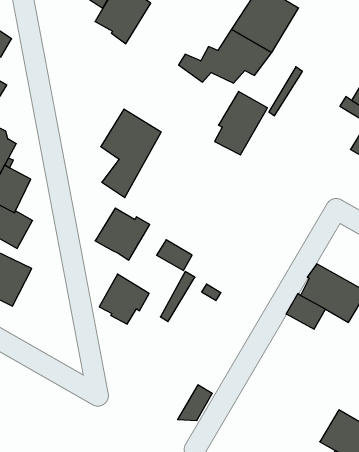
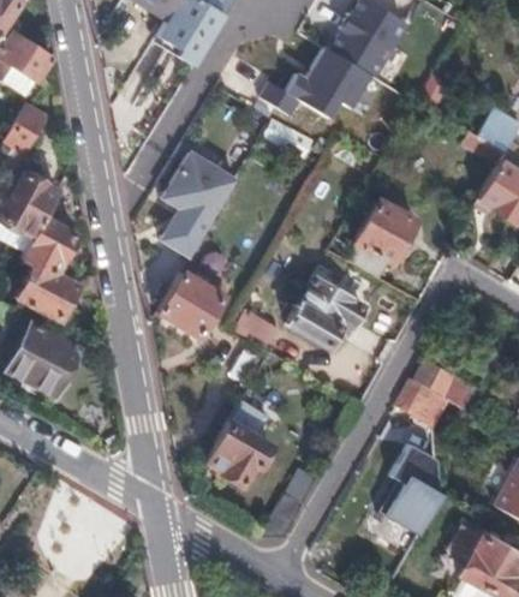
building: [215,91,267,155] -> [347,199,413,279]
building: none -> [286,279,360,347]
building: [99,274,149,324] -> [207,422,269,484]
building: none -> [377,443,443,535]

